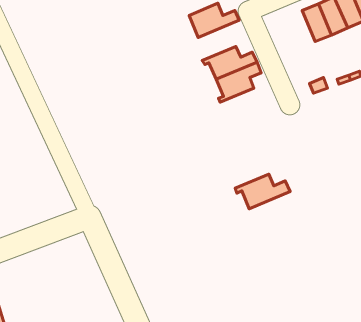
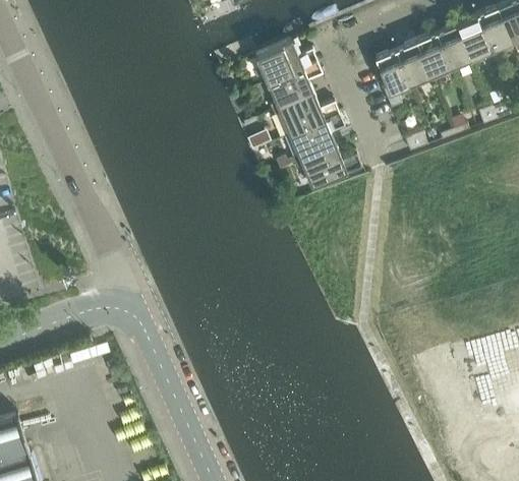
building: none -> [372,49,410,108]
building: none -> [265,61,321,111]
building: [235,174,290,209] -> [292,145,360,188]

